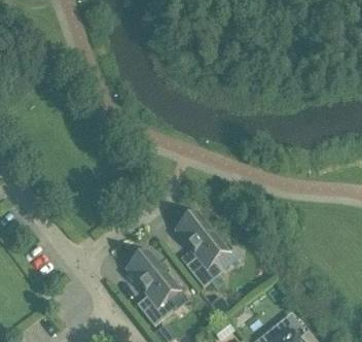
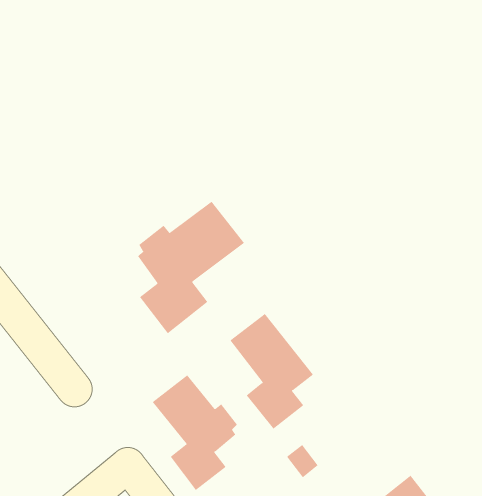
building: none -> [137,201,245,334]

